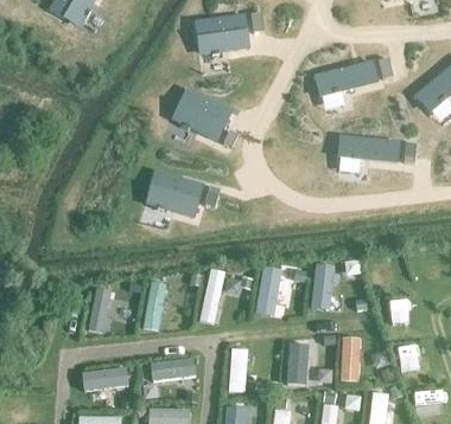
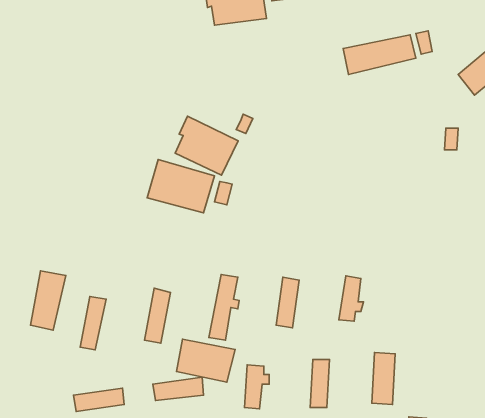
building: [177,89,231,140] -> [175,116,238,175]
building: [337,135,399,161] -> none
building: none -> [31,271,66,330]
building: none -> [177,339,235,382]

